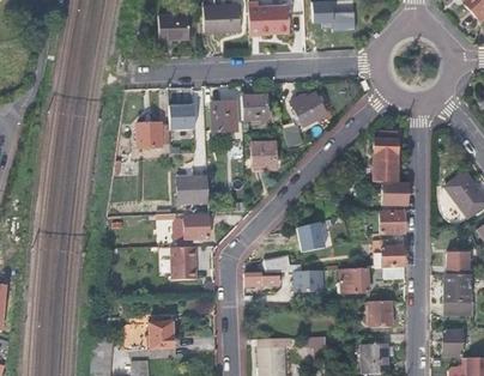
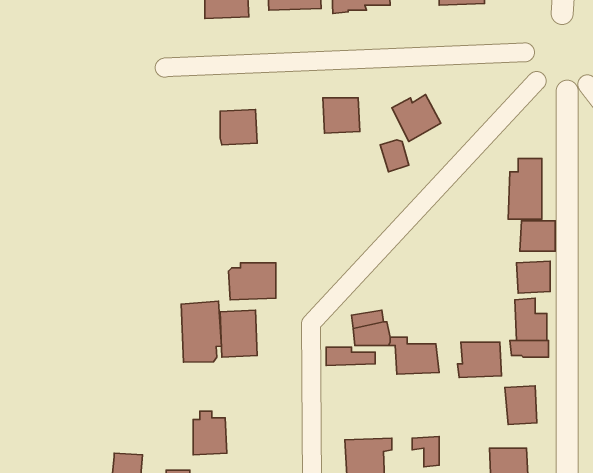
building: [213,101,236,131] -> none
building: [137,122,162,147] -> none
building: [252,141,277,169] -> none
building: [177,176,210,202] -> none
building: [298,222,326,251] -> none
building: none -> [181,301,221,362]

